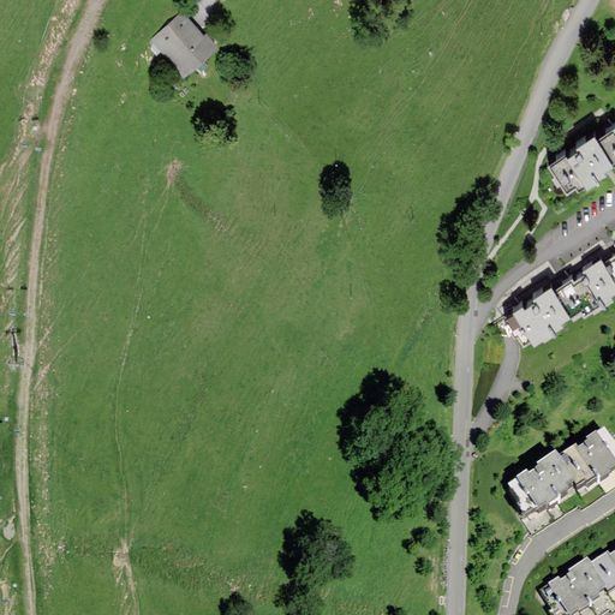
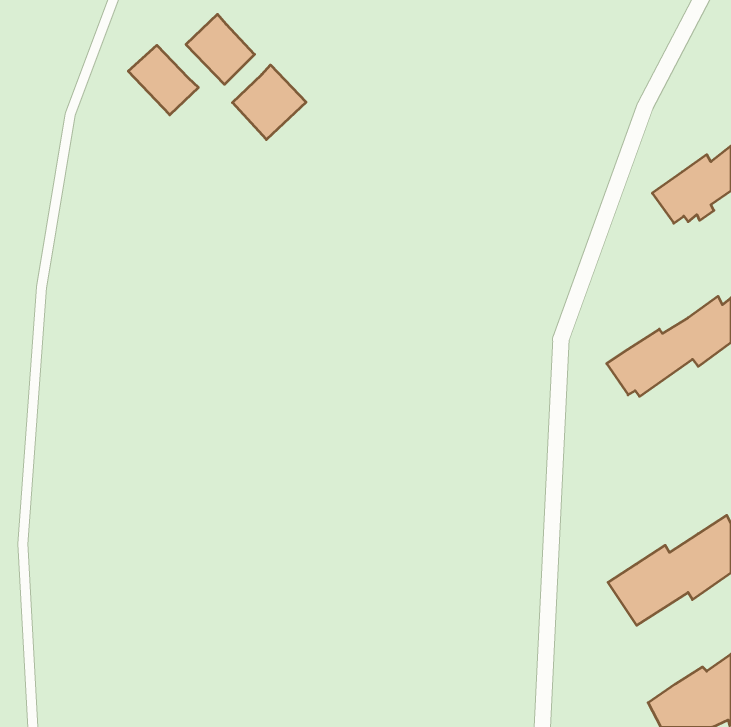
building: none -> [128,45,198,115]
building: none -> [232,65,306,140]

